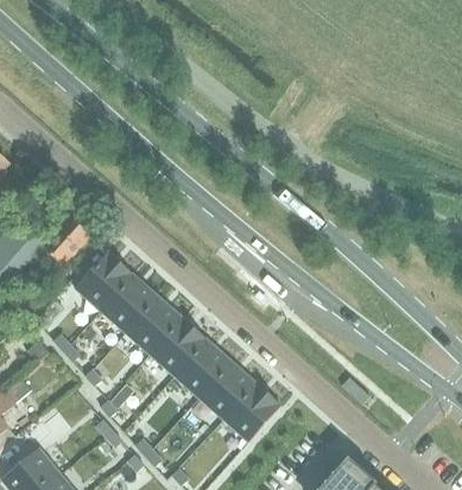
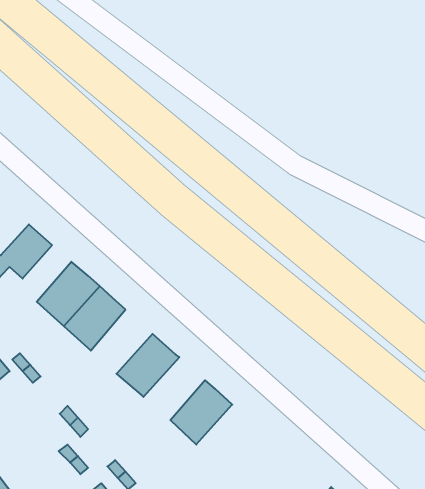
building: [125,294,182,354] -> none
building: [173,338,230,396] -> none
building: [222,382,280,441] -> none

